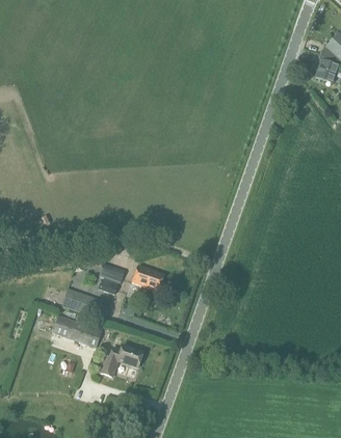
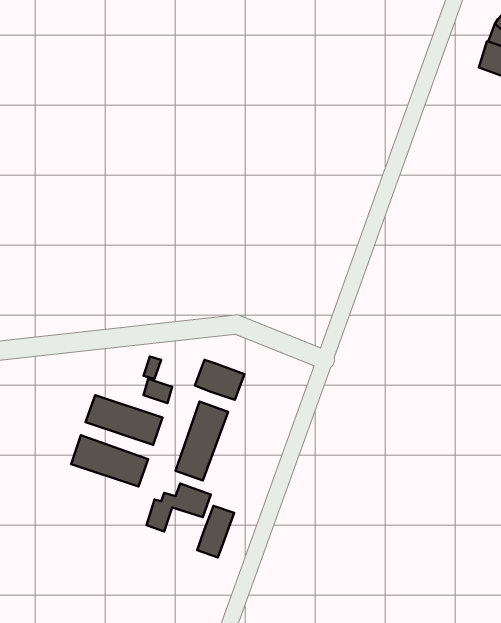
building: none -> [176,401,228,480]
building: none -> [197,506,234,557]

